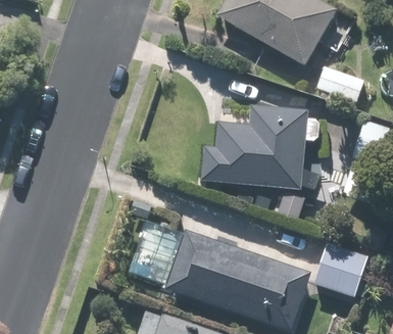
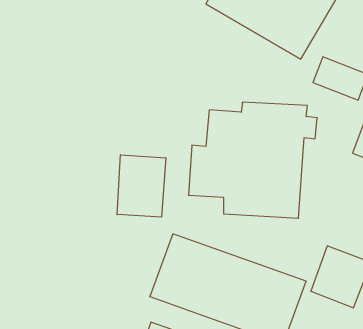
building: none -> [117,155,166,217]

